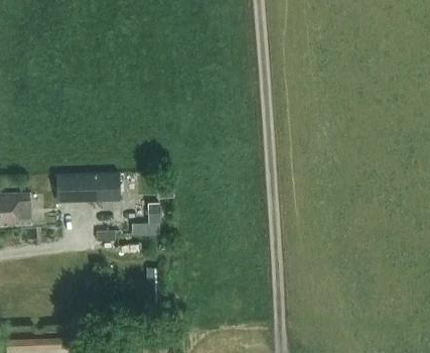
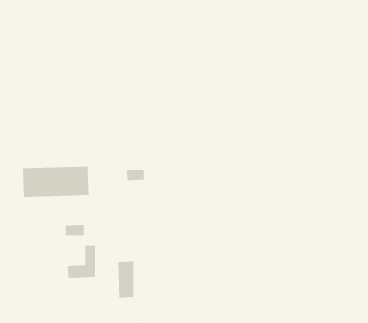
building: [130,204,158,236] -> [67,245,96,278]

